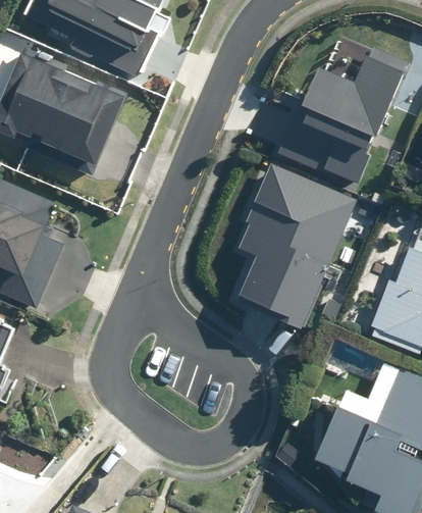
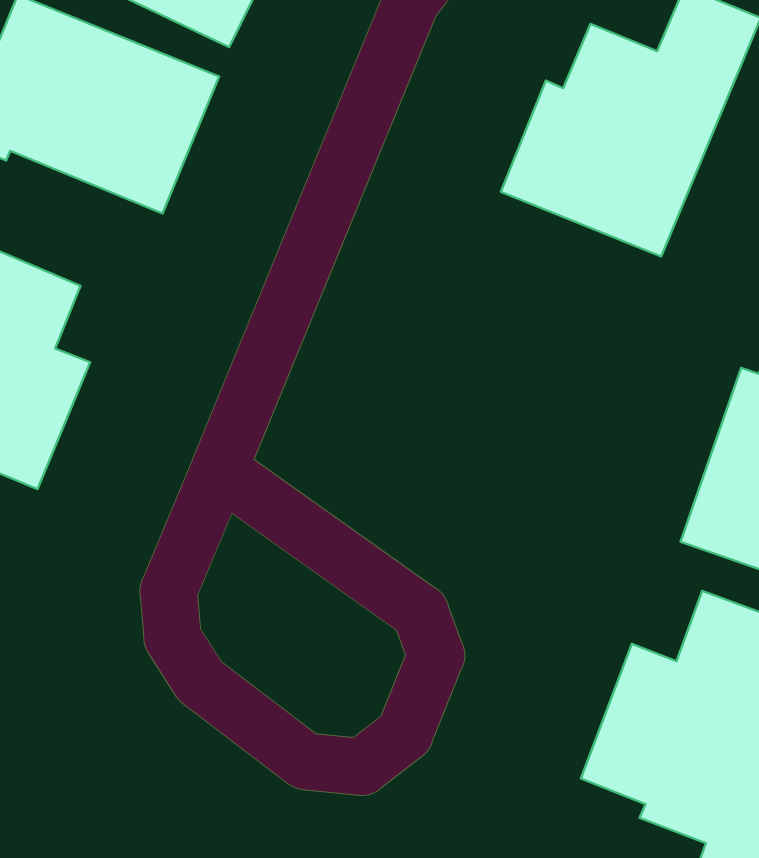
building: [238,163,356,327] -> none

